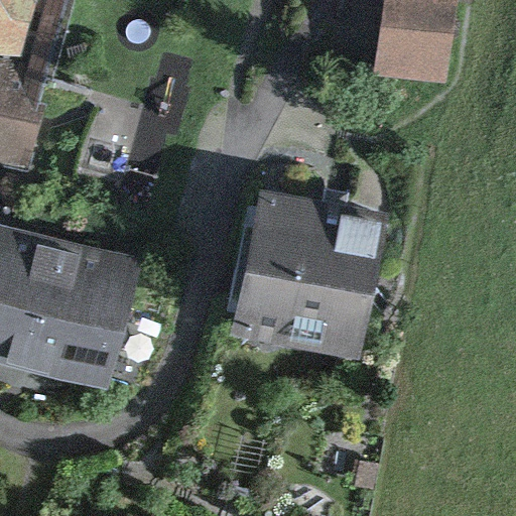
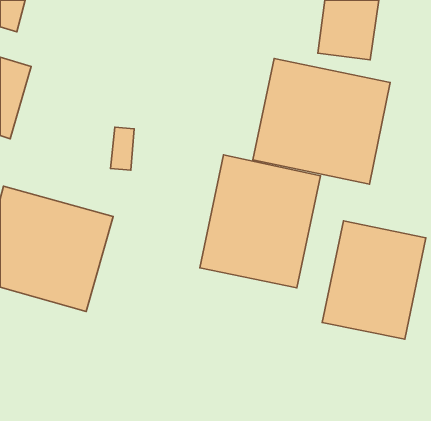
building: none -> [253,59,390,184]
building: none -> [322,221,426,339]

